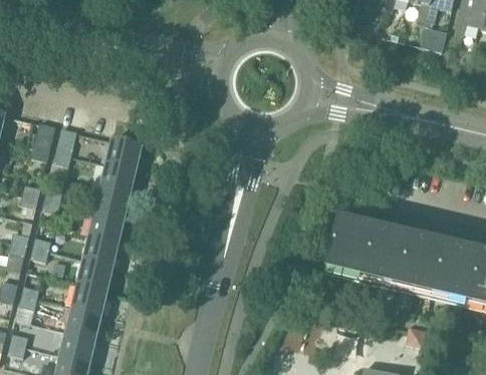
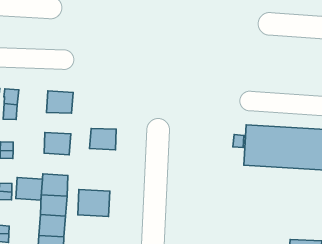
building: [99,162,135,193] -> [89,128,116,150]
building: [88,210,124,241] -> [16,178,42,200]
building: none -> [78,189,110,216]

